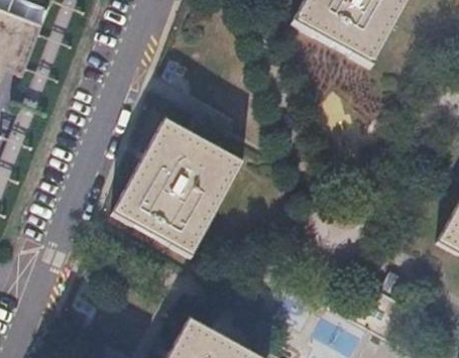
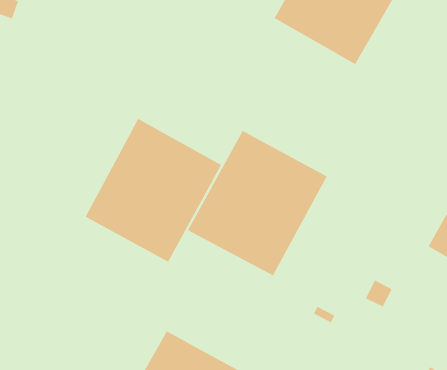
building: none -> [187,130,328,276]

